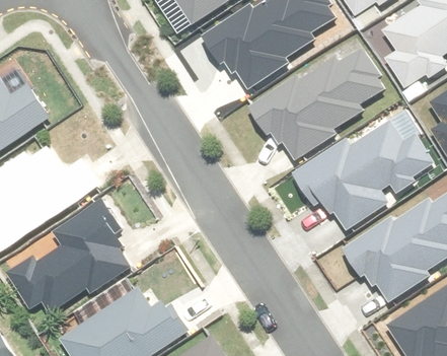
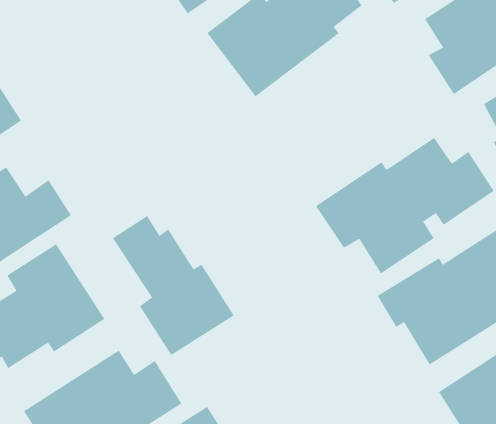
building: [252,48,384,162] -> none
building: none -> [112,215,234,356]

